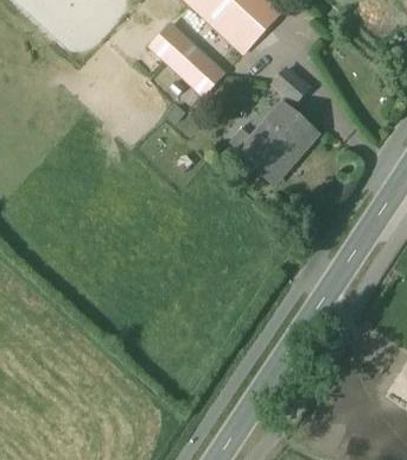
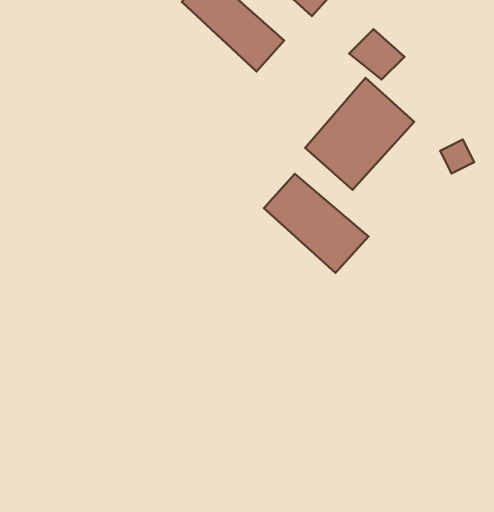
building: none -> [264,174,368,273]

